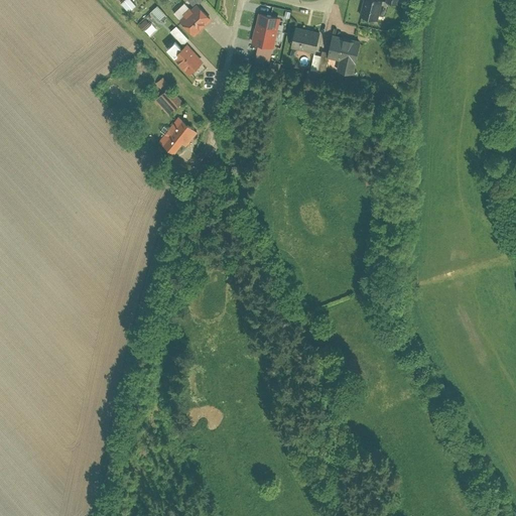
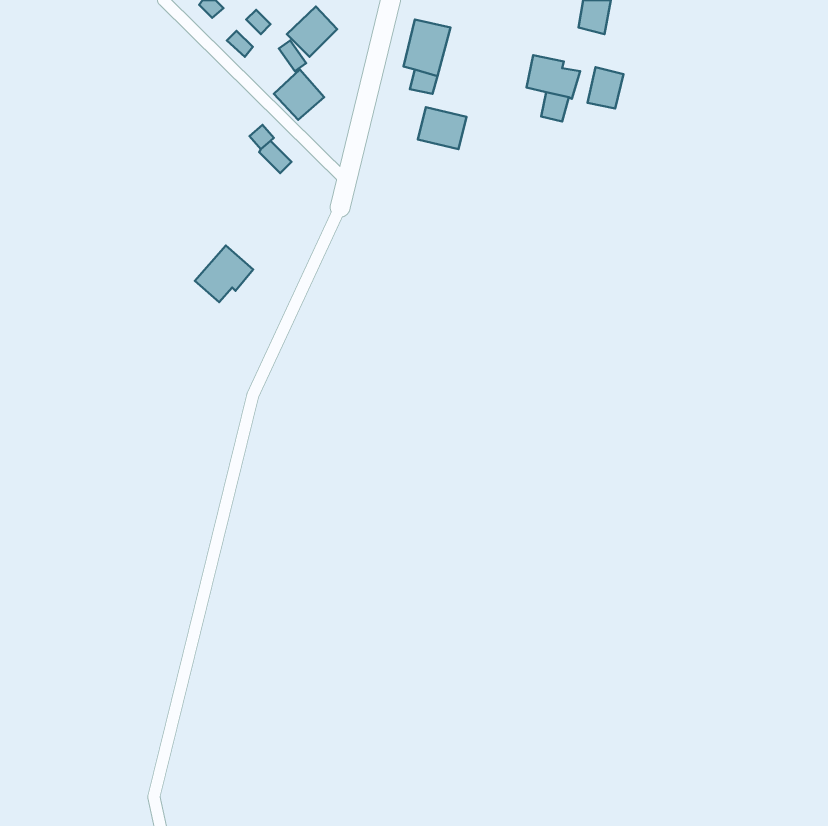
building: [290,27,320,53] -> [418,107,466,149]
building: none -> [588,67,624,108]
building: [160,118,197,153] -> [195,245,253,302]

